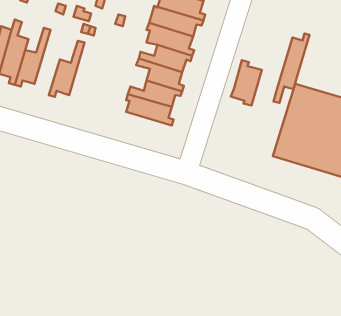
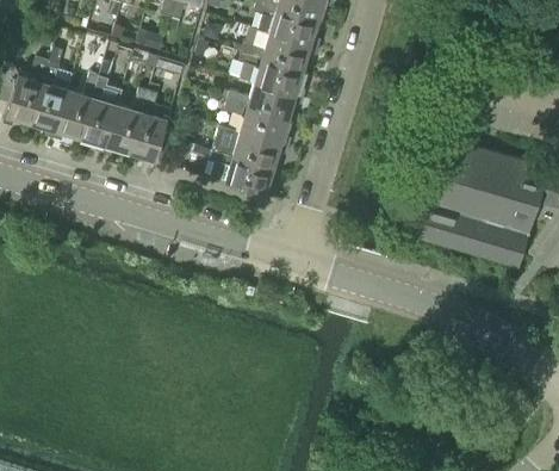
building: none -> [80,61,119,153]
building: [273,33,310,103] -> none
building: none -> [129,79,169,168]
building: [231,60,262,105] -> none

